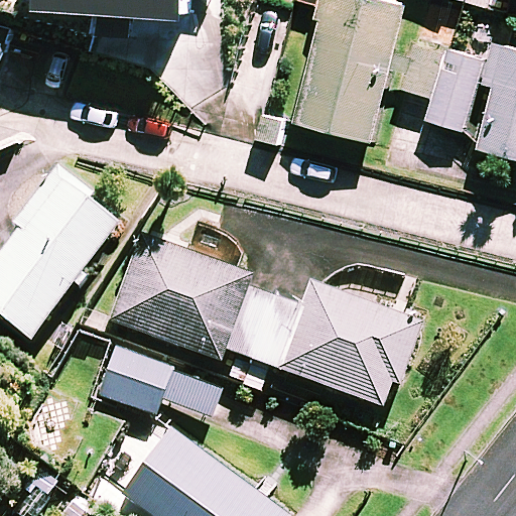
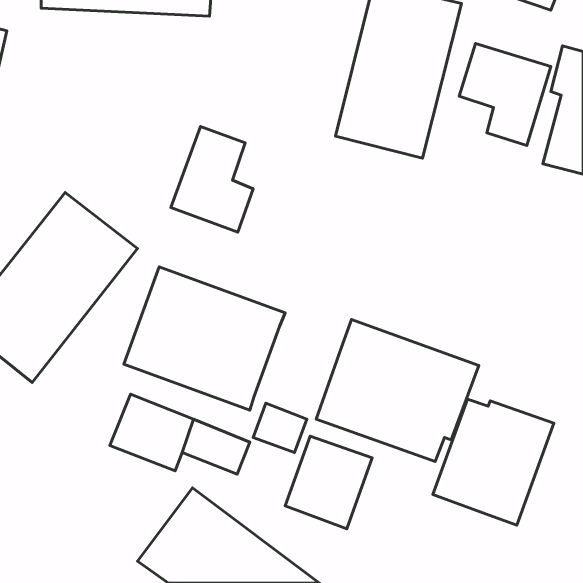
building: none -> [171,127,253,232]
building: [224,287,300,369] -> [285,436,372,529]
building: none -> [433,399,554,525]

